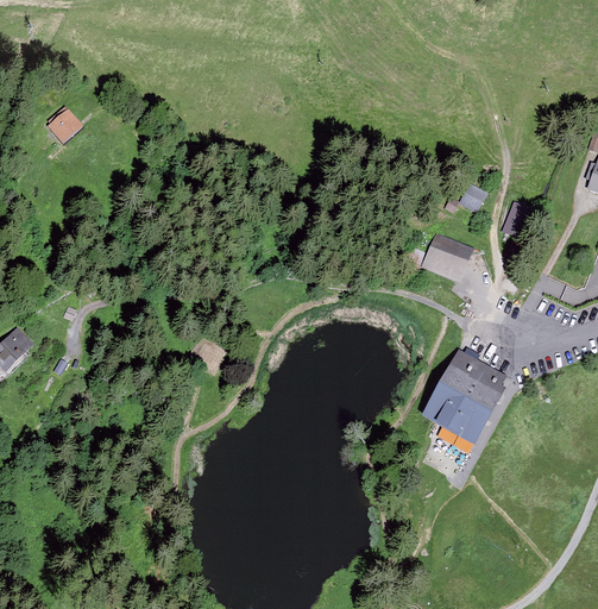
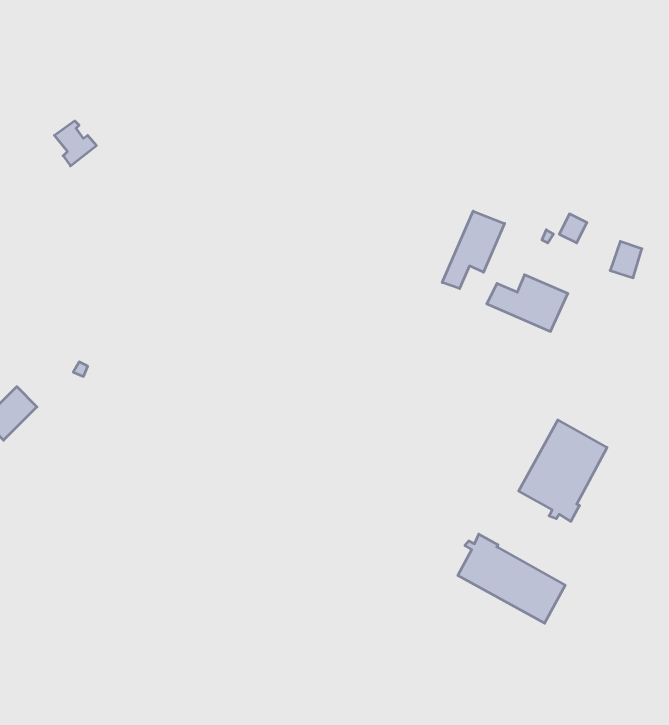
building: none -> [442,211,505,289]
building: none -> [458,534,565,623]

